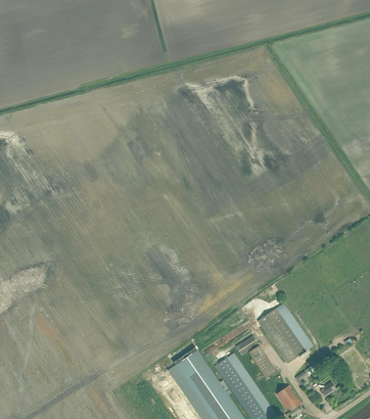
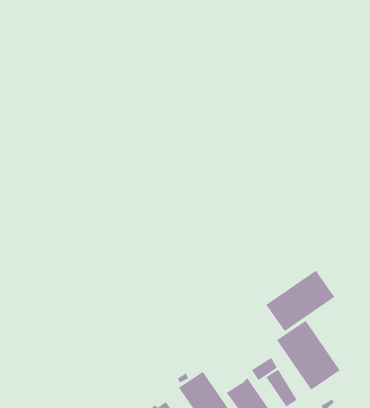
building: none -> [265,270,335,332]

